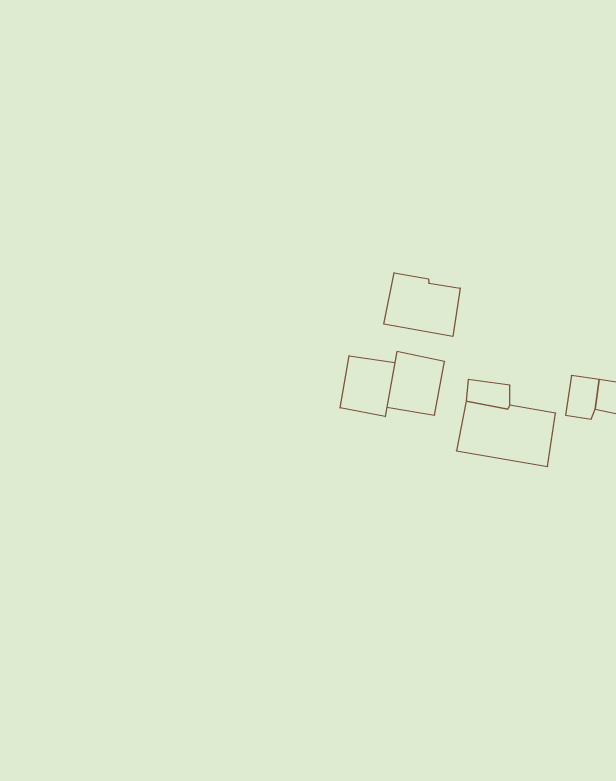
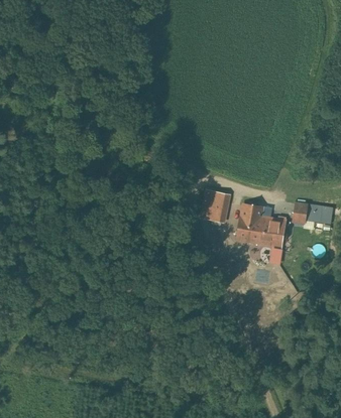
building: [384,273,460,336] -> none
building: [340,356,395,417] -> none

